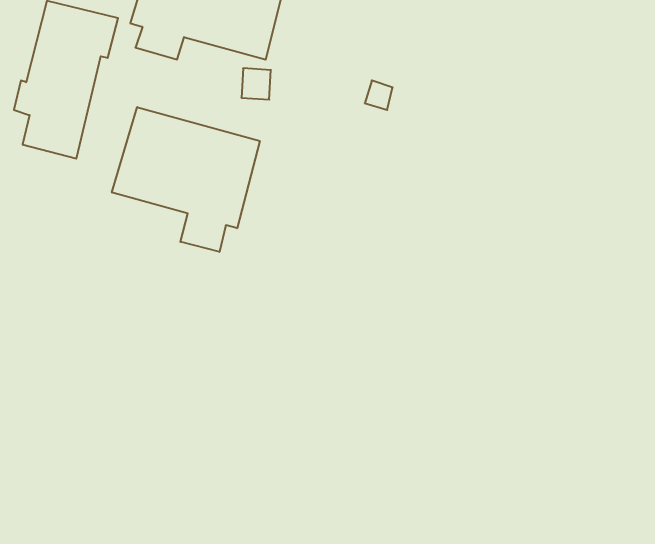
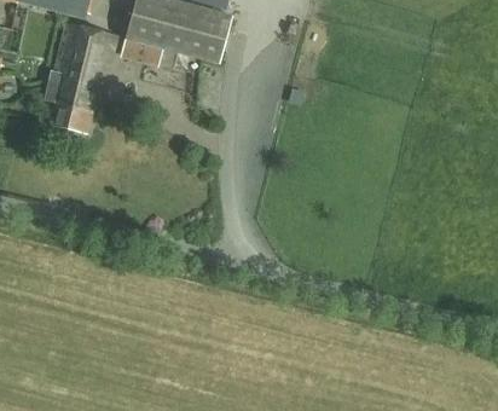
building: [112,107,260,252] -> none

